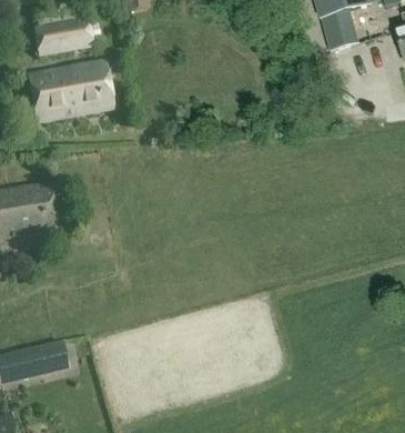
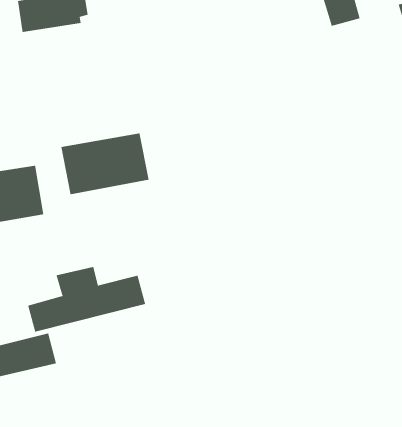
building: [29,61,113,120] -> [60,133,149,195]
building: none -> [27,266,146,332]

